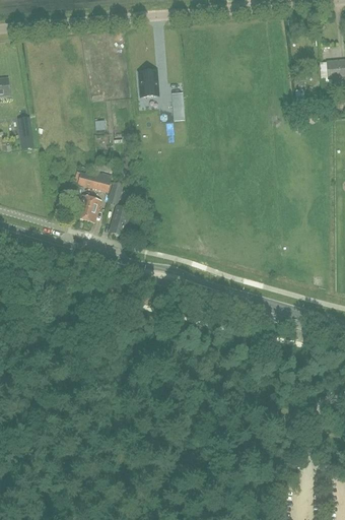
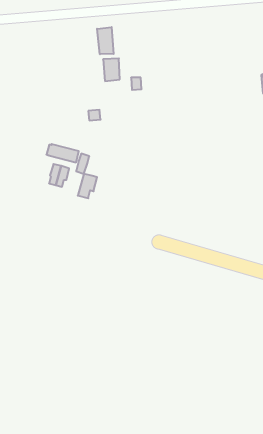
building: none -> [97,27,114,54]

